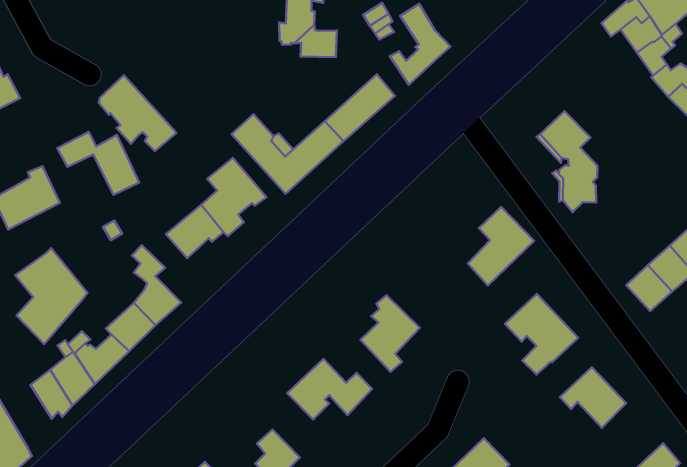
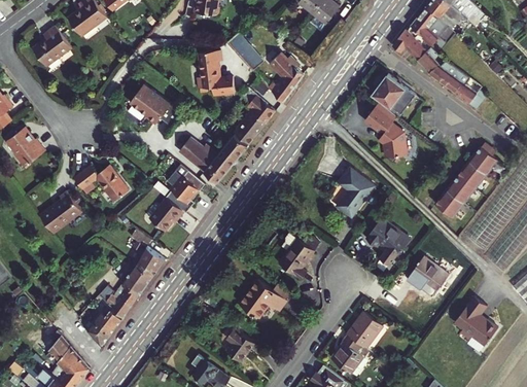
building: none -> [372,75,415,116]
building: [99,75,176,151] -> [133,84,183,128]
building: [15,248,88,344] -> none

